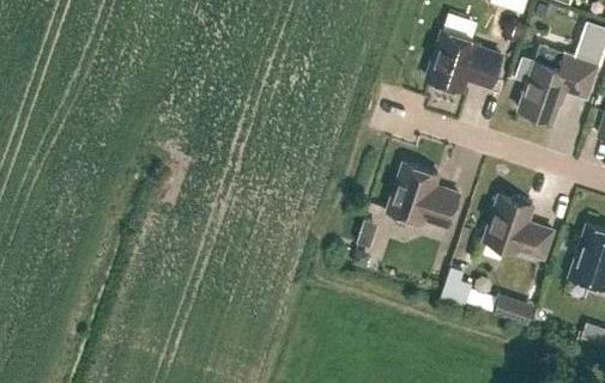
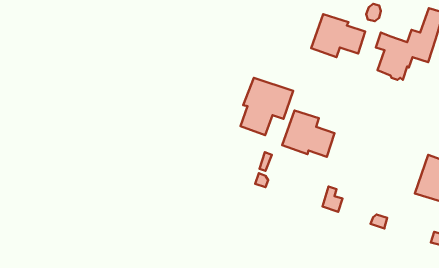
building: none -> [240,78,293,135]
building: [484,195,553,259] -> none

